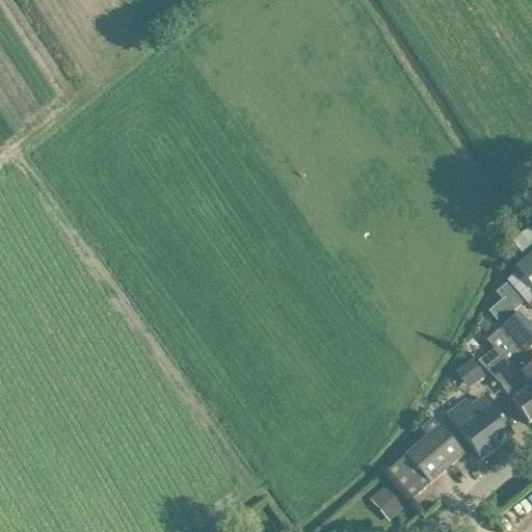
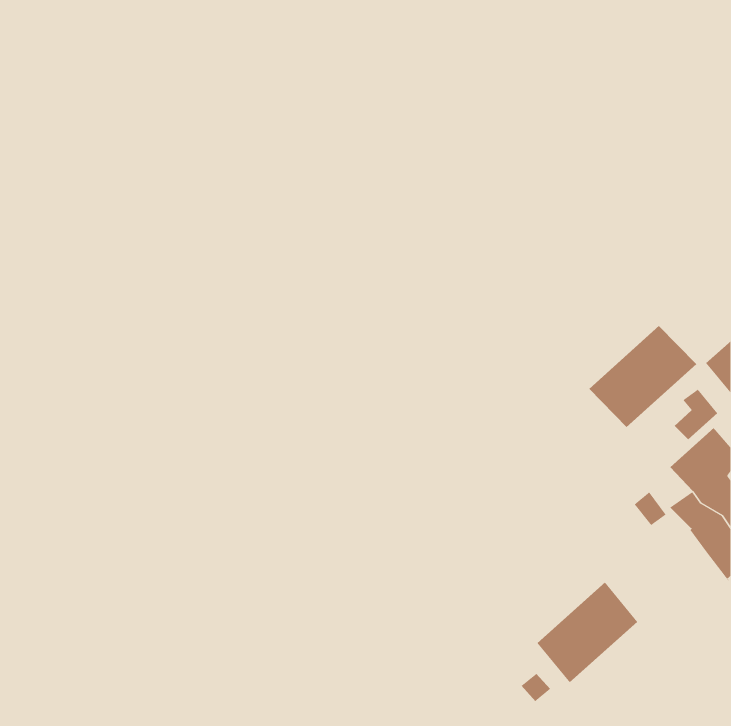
building: none -> [588,325,697,428]
building: [452,396,512,458] -> none

